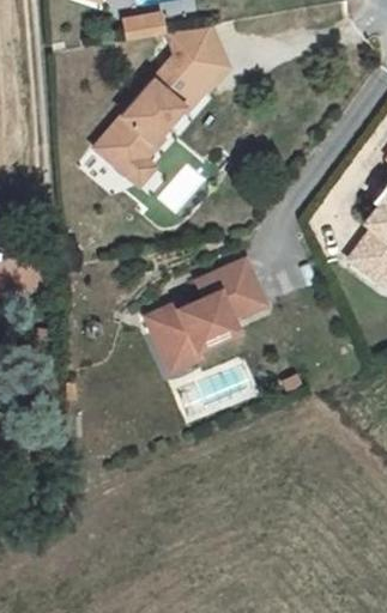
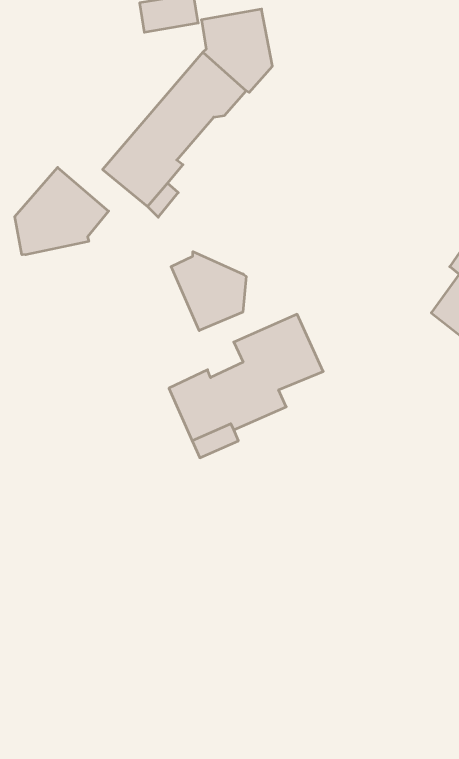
building: none -> [15,167,109,255]
building: none -> [171,252,246,331]

